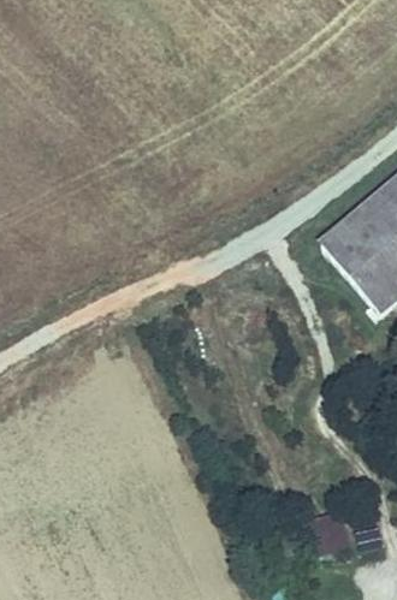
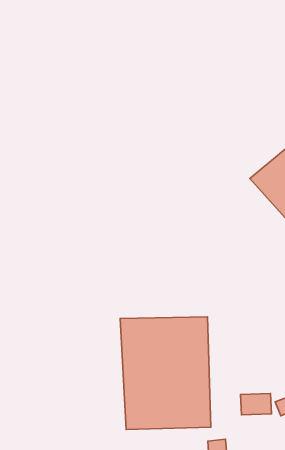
building: none -> [120,317,211,429]

